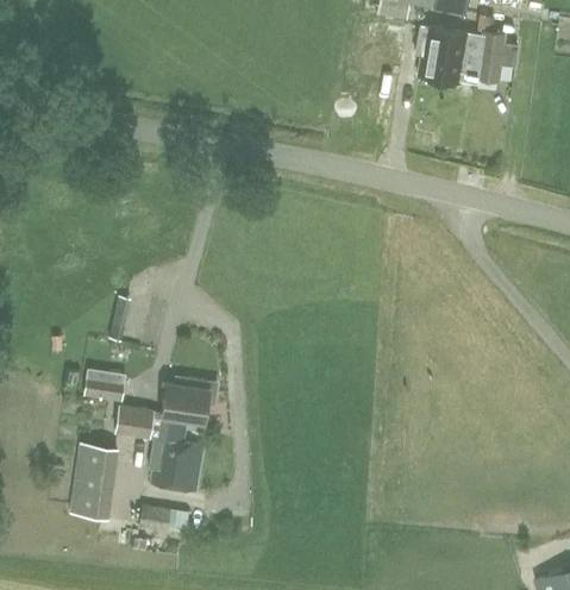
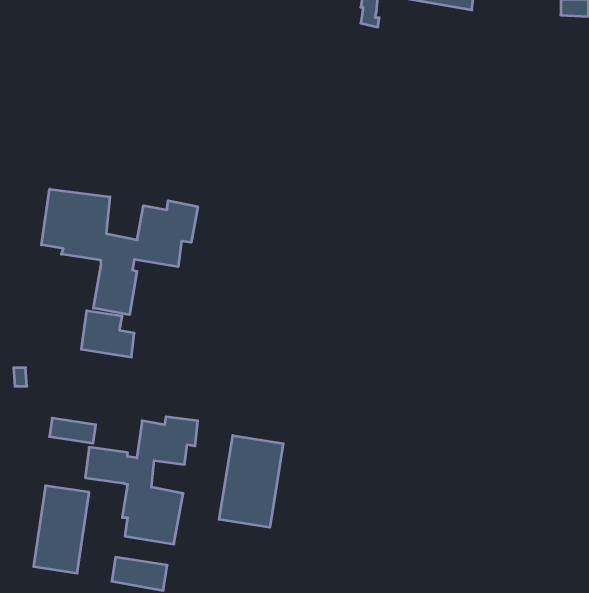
building: [419,13,526,84] -> none
building: none -> [41,189,198,315]
building: none -> [219,435,283,527]

